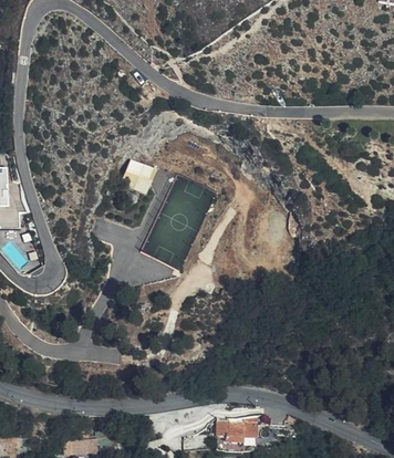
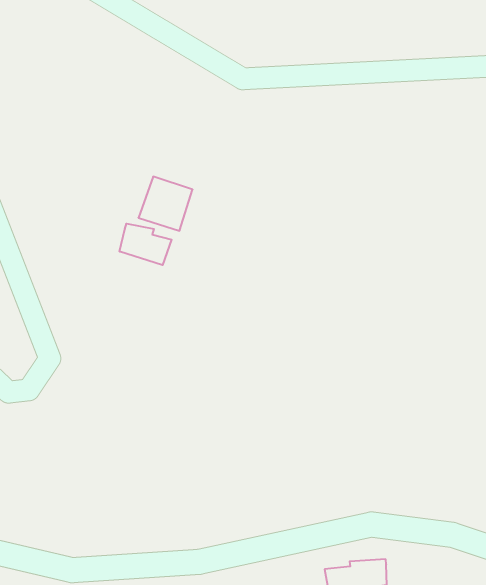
building: none -> [120,224,172,265]

